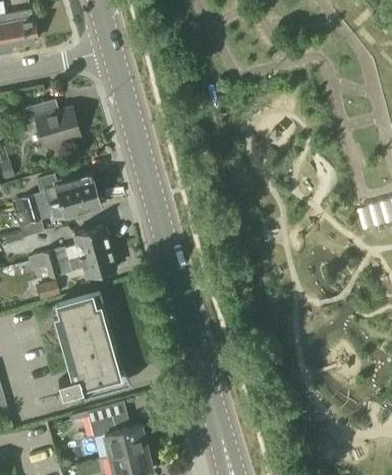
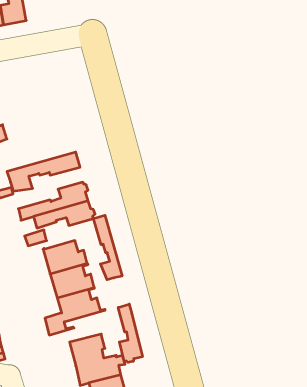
building: [22,100,80,147] -> none
building: [13,173,95,213] -> none
building: none -> [93,215,122,280]
building: none -> [118,304,142,362]

